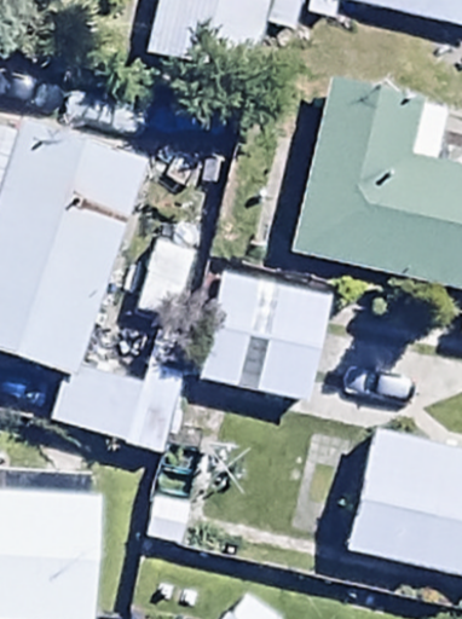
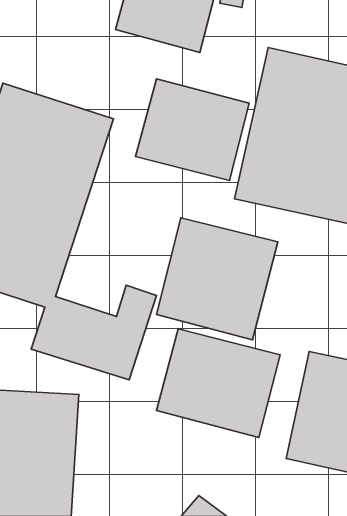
building: none -> [136,79,249,181]
building: none -> [156,329,280,438]

